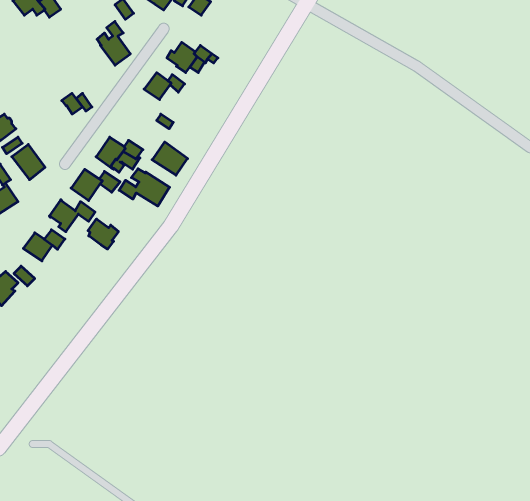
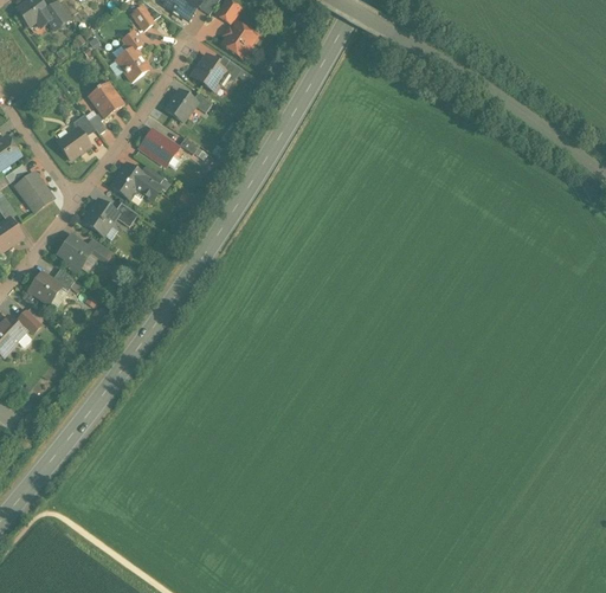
building: none -> [221,22,254,54]
building: none -> [86,82,123,118]
building: none -> [57,128,89,160]
building: [152,142,188,175] -> [137,128,178,166]
building: [119,169,170,206] -> none
building: [88,219,118,249] -> none

